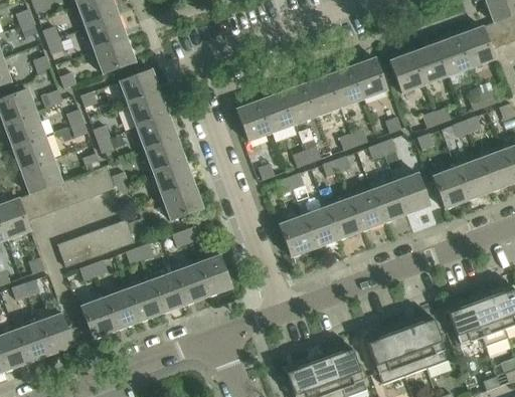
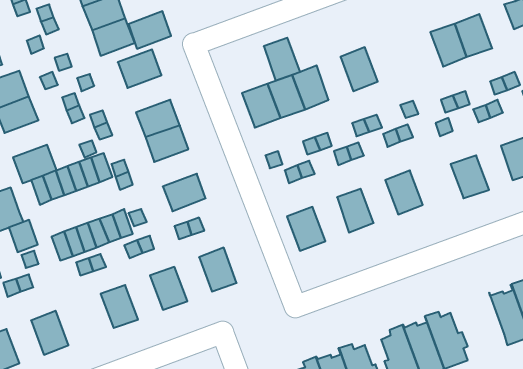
building: [459,26,494,67] -> none
building: [388,52,424,93] -> none
building: [351,58,386,98] -> none
building: [306,75,340,116] -> [264,38,300,81]
building: [128,92,168,128] -> [128,11,171,49]
building: [12,135,52,170] -> none
building: [456,159,490,200] -> none
building: [153,162,193,197] -> none
building: [393,173,430,214] -> none
building: [18,191,45,221] -> [9,220,38,252]
building: [347,191,382,231] -> none
building: [302,207,336,248] -> none
building: [172,263,207,305] -> none
building: [126,280,161,322] -> none
building: [447,296,482,344] -> none
building: [79,297,115,339] -> none
building: [14,323,49,363] -> none

